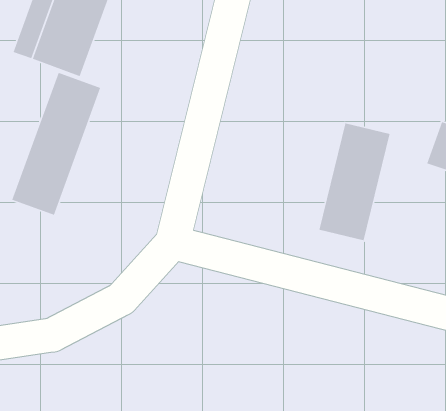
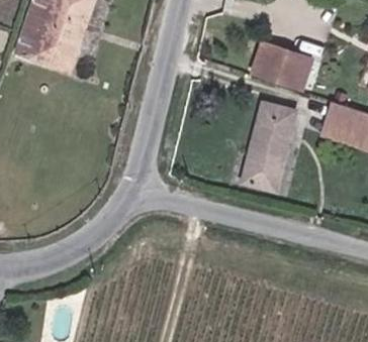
building: none -> [249,43,306,90]
building: [11,72,101,216] -> none

